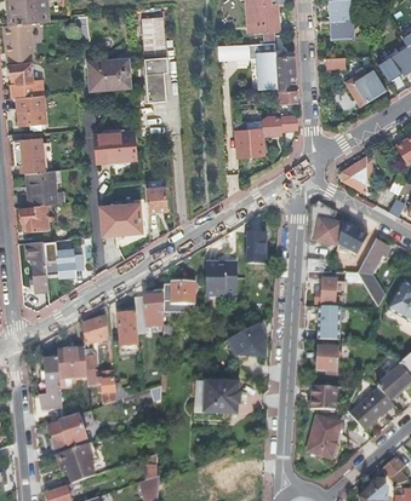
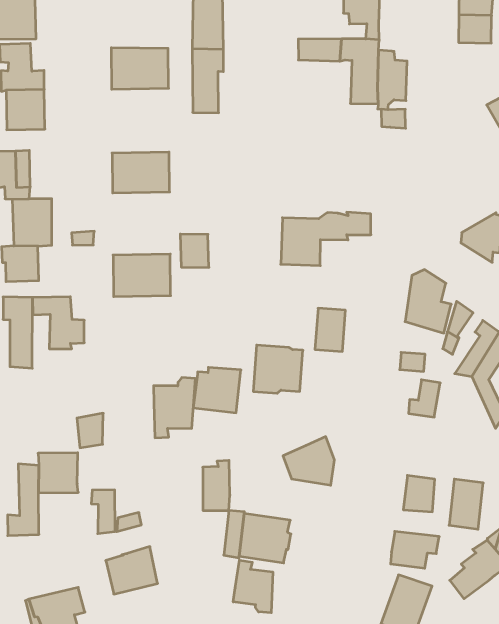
building: [235,115,298,155] -> [281,212,371,266]
building: [318,306,339,340] -> [449,479,483,529]
building: [118,309,138,345] -> [203,460,230,511]
building: [48,413,86,448] -> [106,547,158,594]
building: none -> [233,560,273,613]

